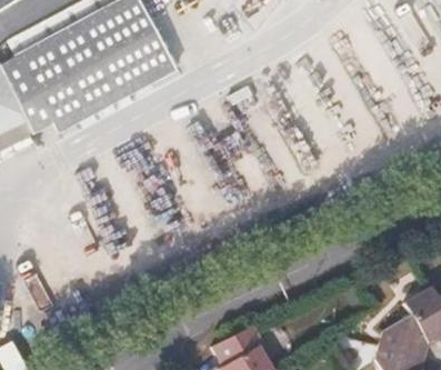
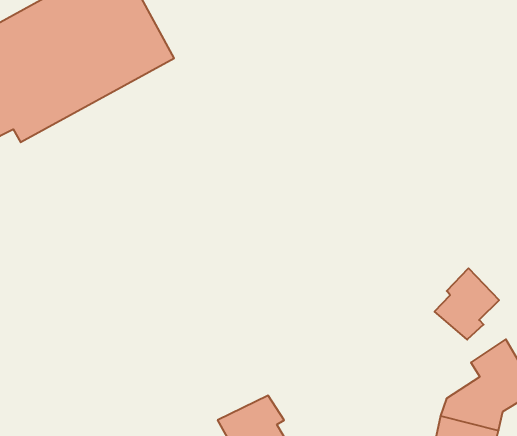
building: none -> [435,268,499,340]

